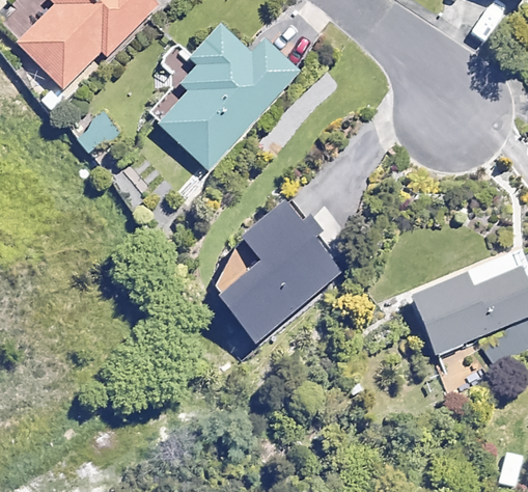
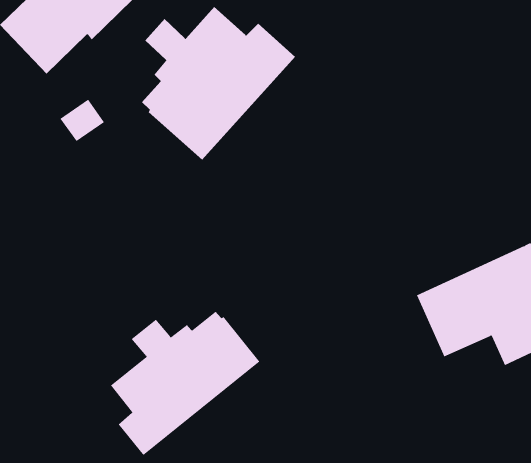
building: [217,200,341,341] -> none
building: none -> [110,311,260,456]

